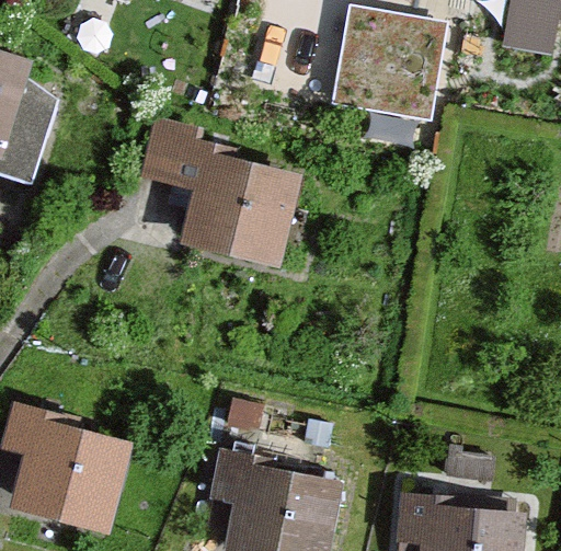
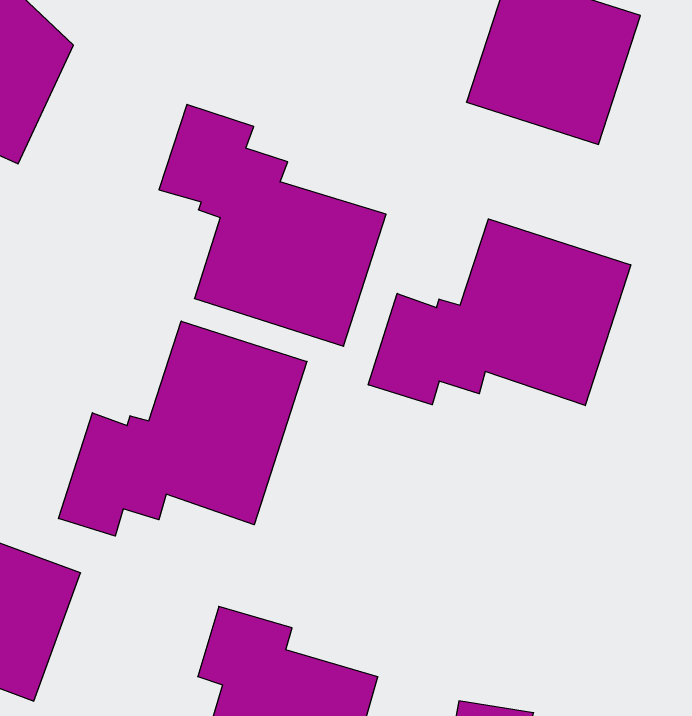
building: none -> [368,219,631,406]
building: none -> [59,321,307,536]

